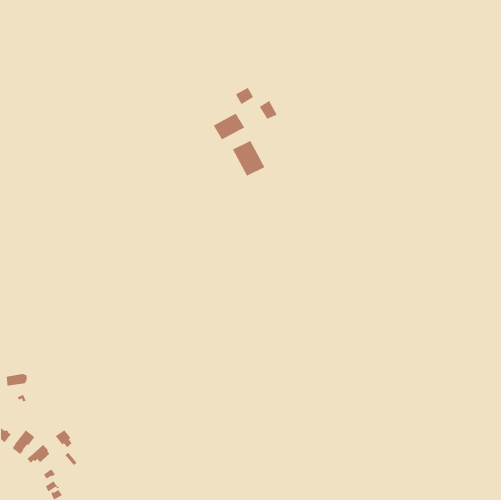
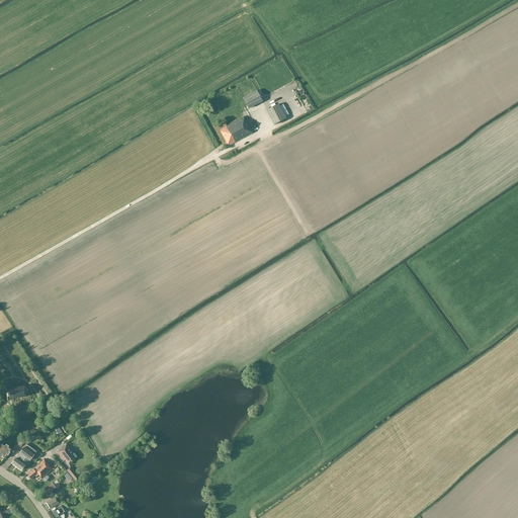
building: [232,140,265,176] -> none

